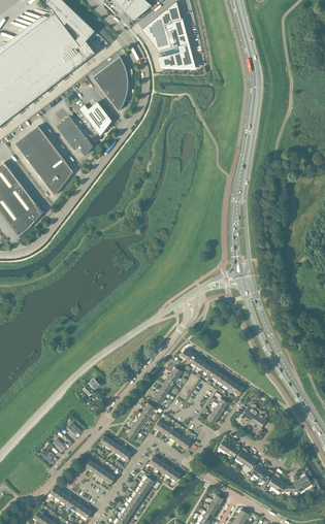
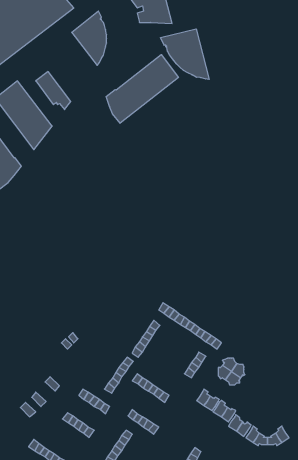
building: none -> [161,29,209,79]
building: none -> [106,55,178,123]
building: [83,102,111,136] -> none

